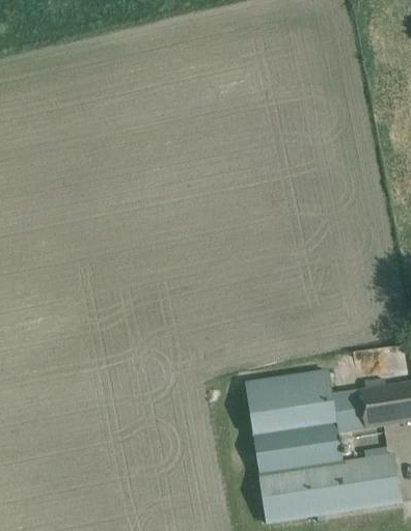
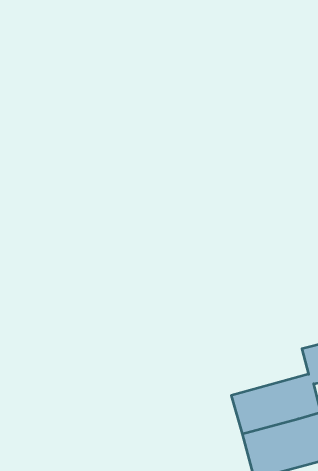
building: [246,370,335,435] -> none

